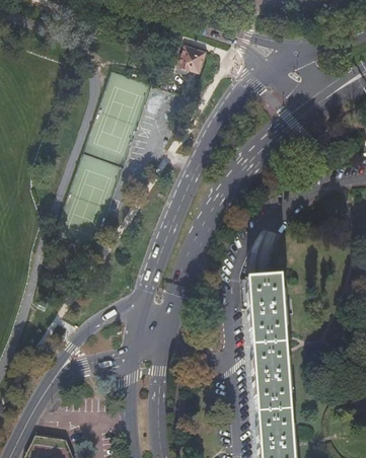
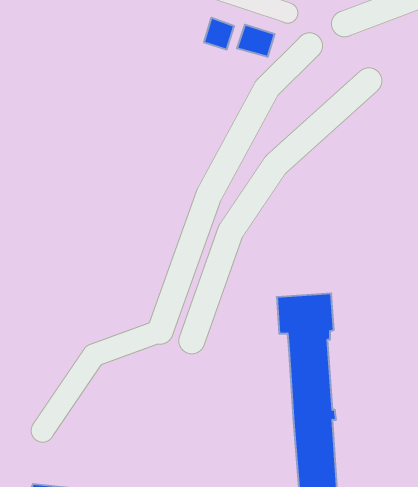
building: none -> [237,25,275,57]

